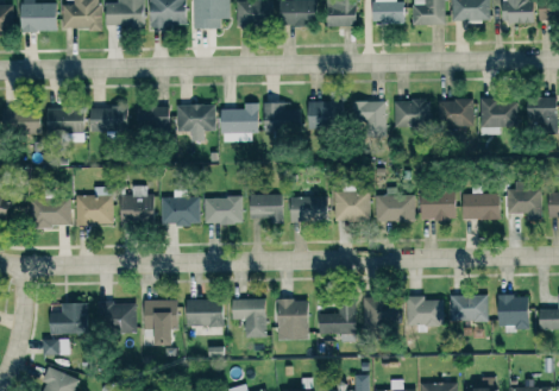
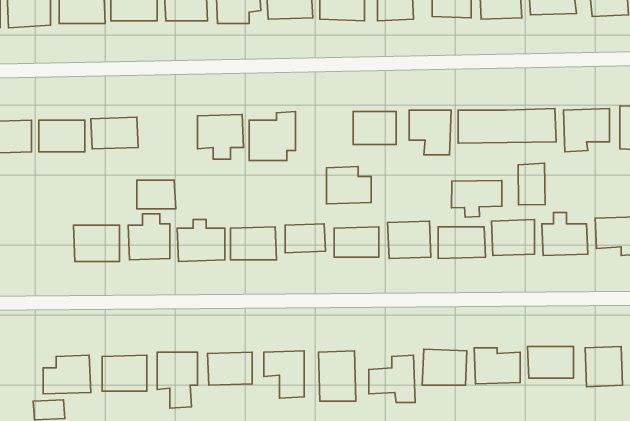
building: [263,101,300,132] -> [326,167,371,204]
building: [137,106,169,130] -> [137,180,176,209]
building: none -> [518,163,545,205]
building: none -> [452,181,502,217]
building: [21,200,71,227] -> none

